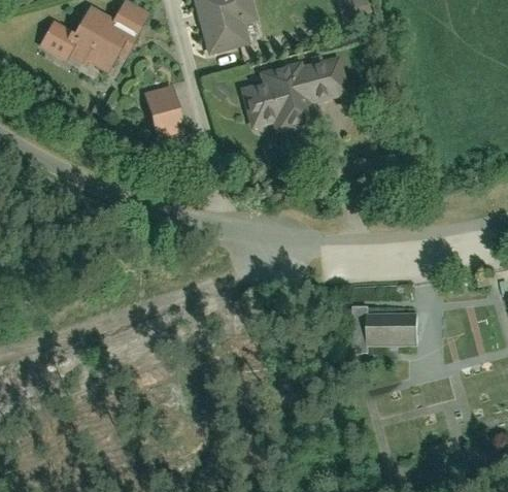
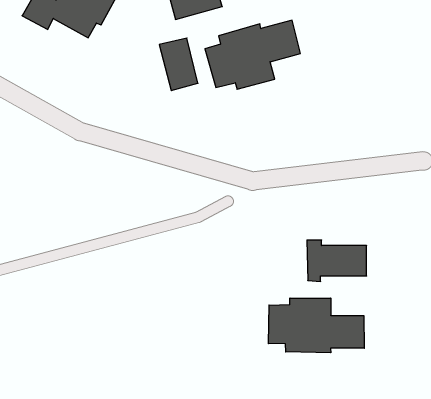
building: [142,85,185,143] -> [159,38,198,91]
building: none -> [268,298,364,353]

